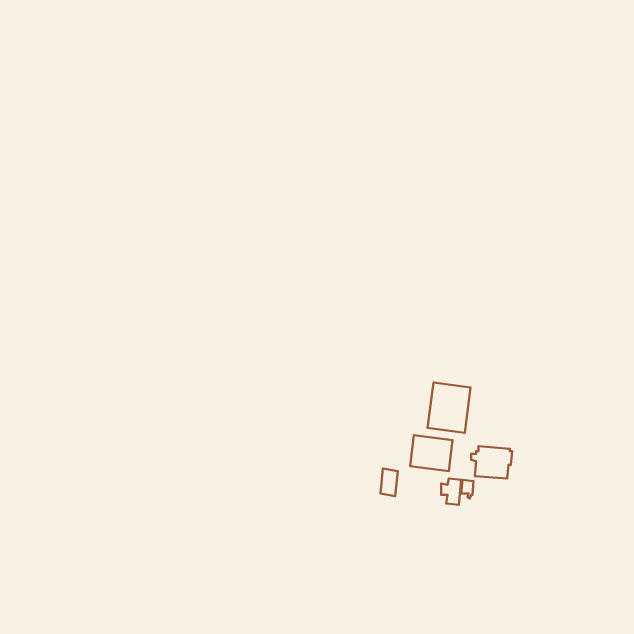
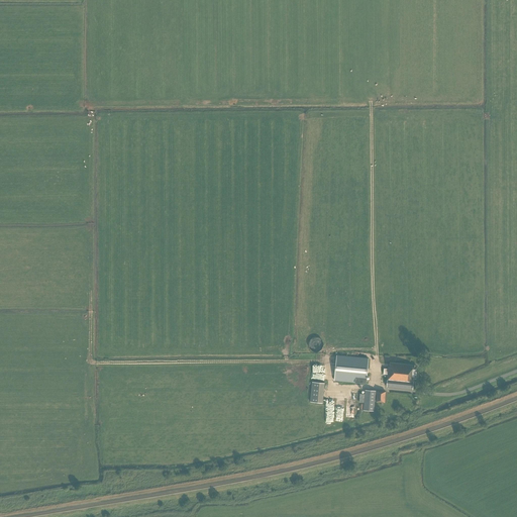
building: [428,382,471,433] -> none

